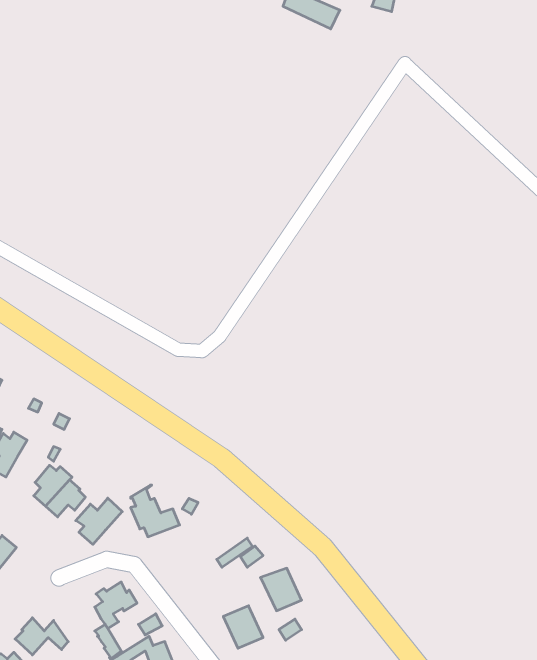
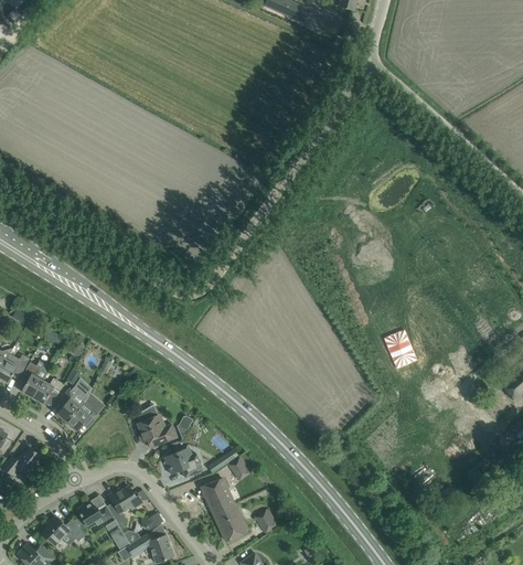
building: none -> [33,379,64,405]
building: [76,498,122,544] -> none
building: none -> [163,449,203,478]
building: [260,568,302,611] -> [201,479,235,514]
building: none -> [76,501,113,526]

